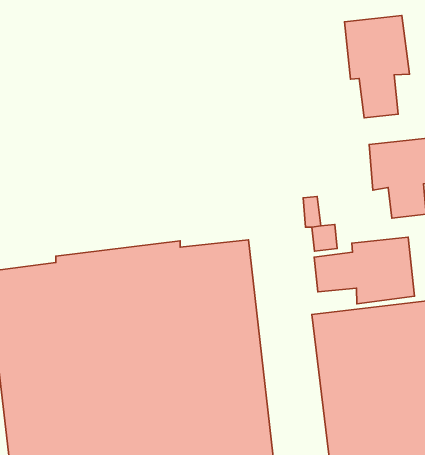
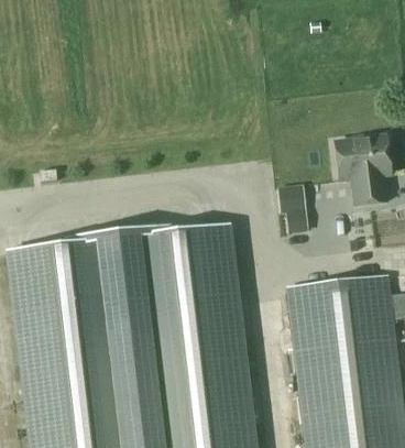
building: [344,16,409,118] -> none
building: [314,237,414,304] -> none

